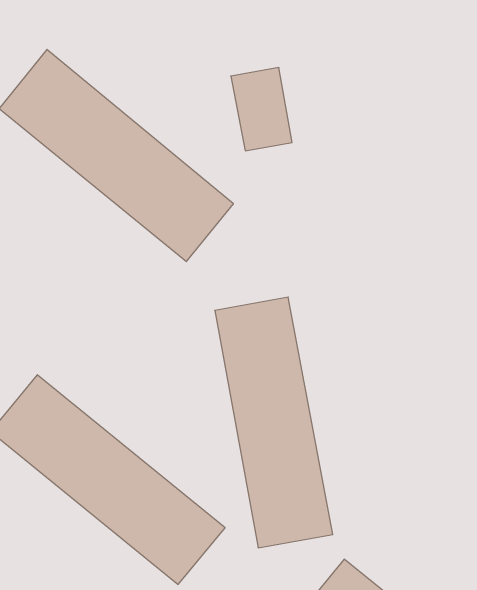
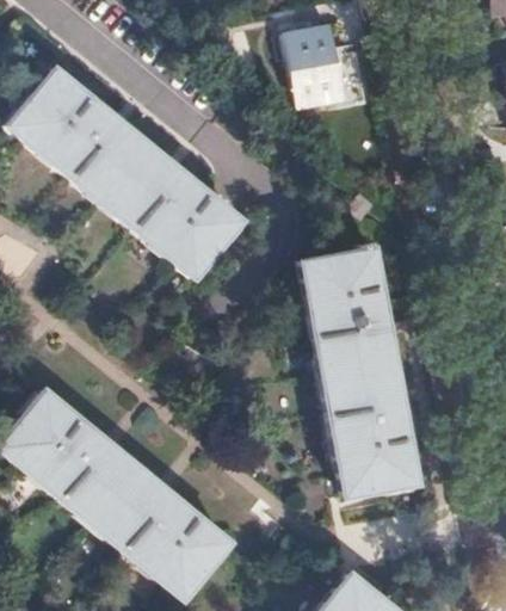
building: [231,68,292,151] -> [286,24,347,106]
building: [215,297,333,548] -> [302,248,419,496]

